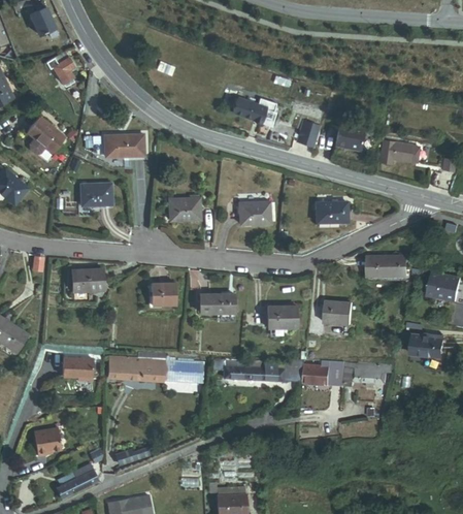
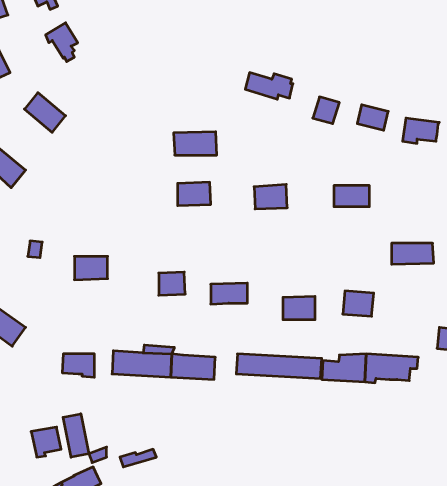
building: [104,134,144,156] -> [174,132,217,155]
building: [80,183,111,205] -> none
building: none -> [63,414,89,457]

